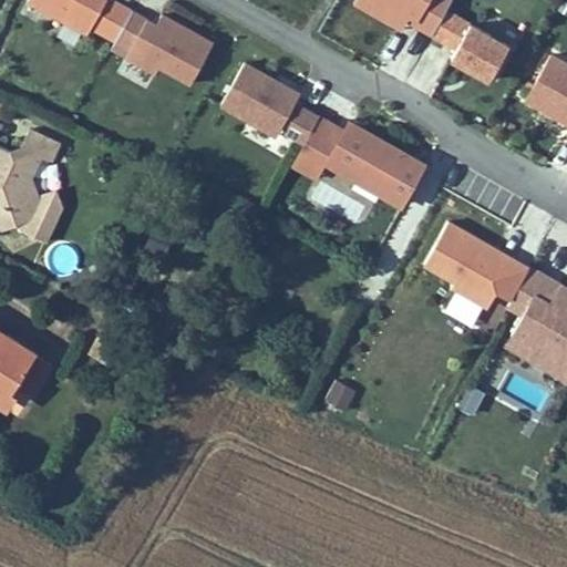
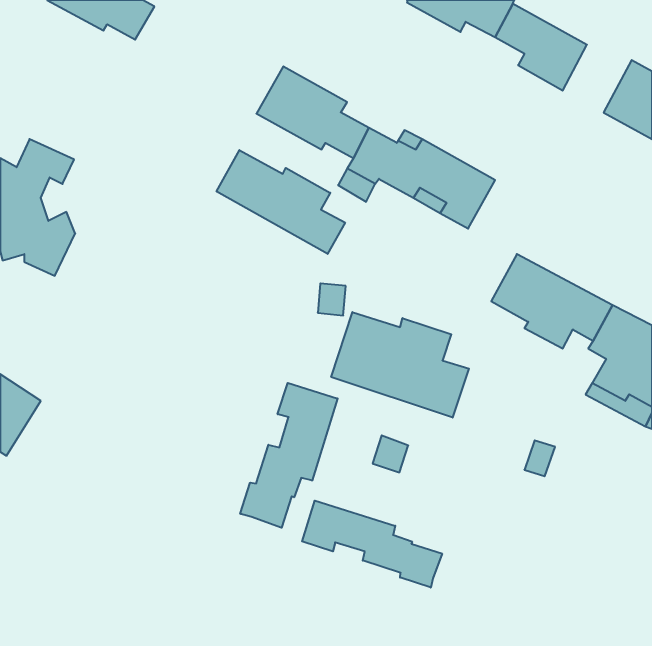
building: [117,11,215,83] -> none
building: none -> [217,150,345,254]
building: none -> [331,312,469,418]
building: none -> [240,383,338,528]
building: none -> [302,501,442,588]

